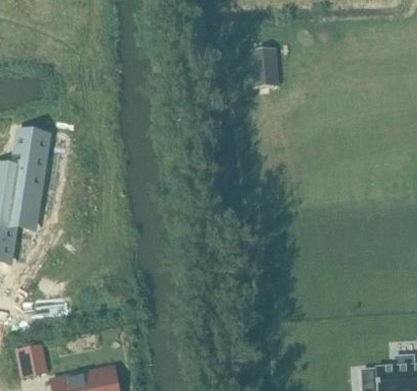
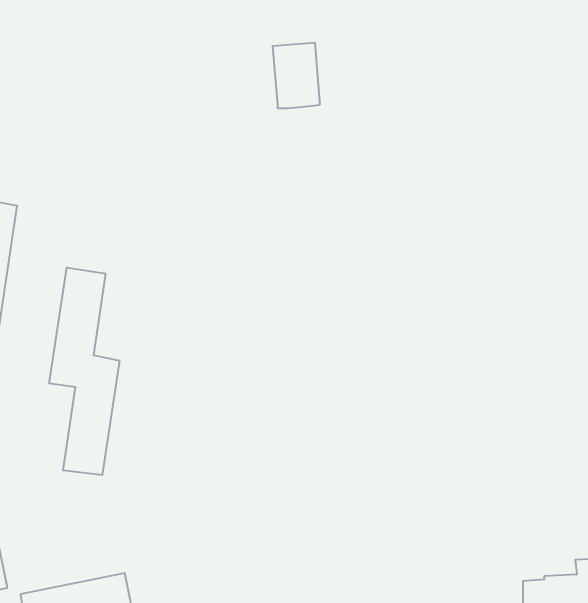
building: [250,50,279,90] -> [273,43,320,108]
building: none -> [49,267,119,475]

